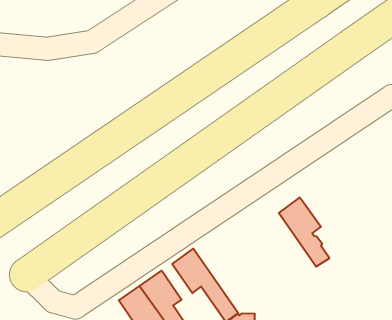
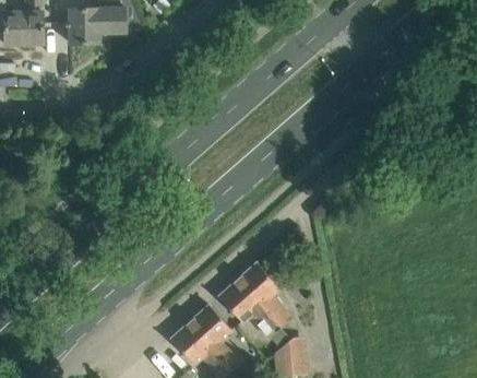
building: [279,197,329,267] -> [237,262,291,328]

